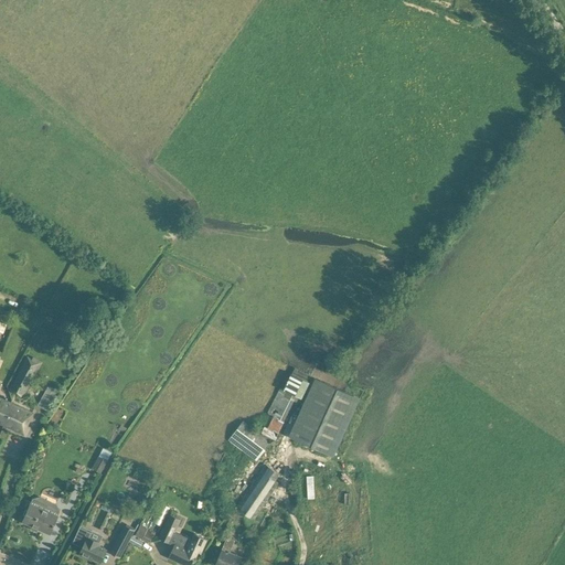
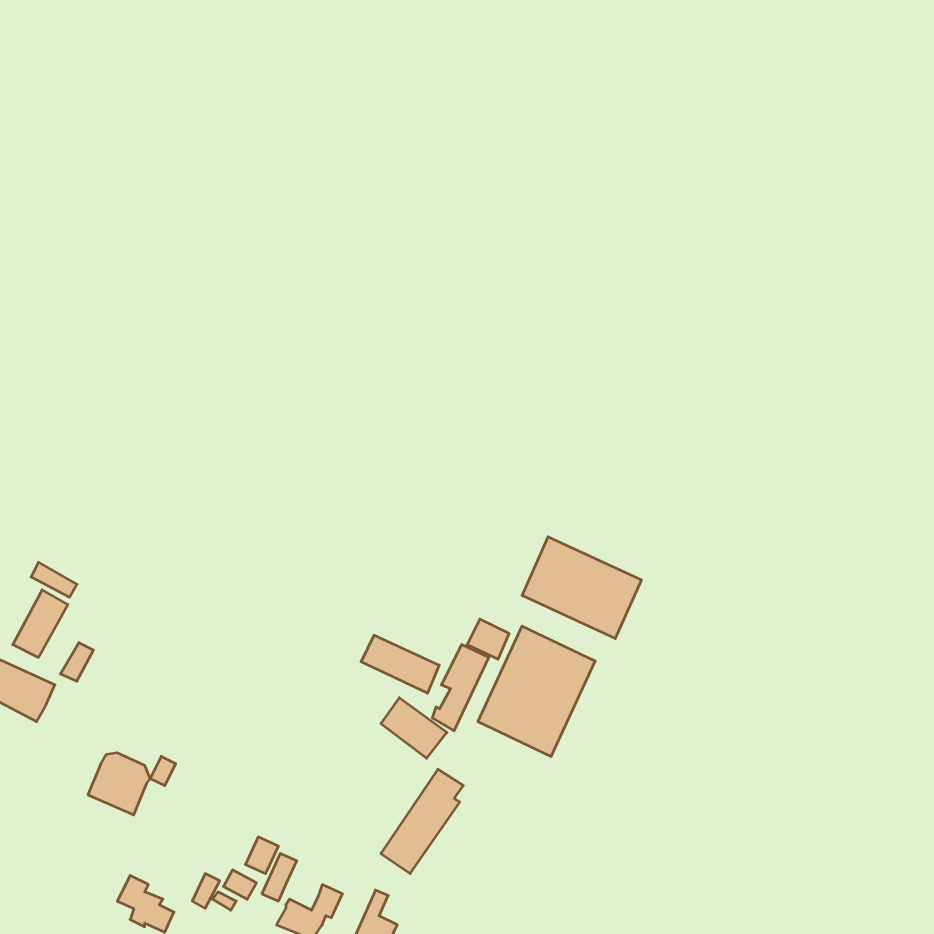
building: none -> [522,537,641,639]
building: none -> [361,635,439,693]
building: [21,498,58,535] -> [88,753,150,815]

